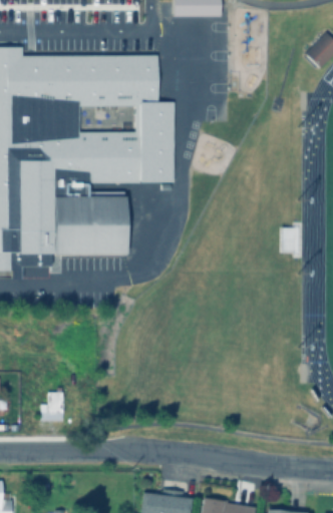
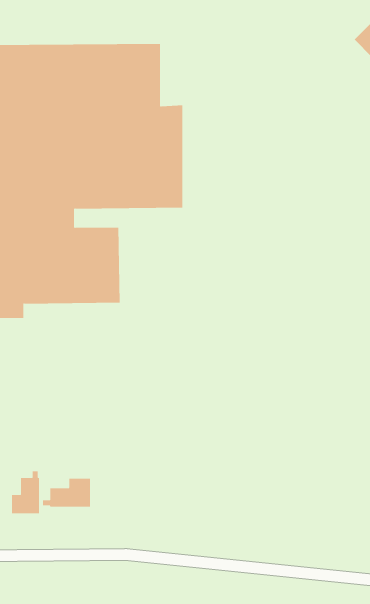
building: none -> [43,478,91,508]

